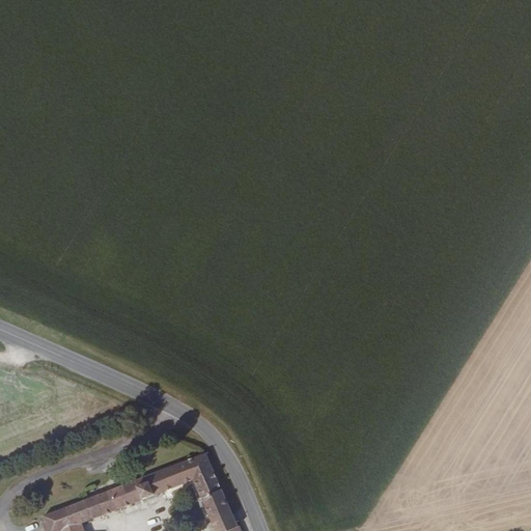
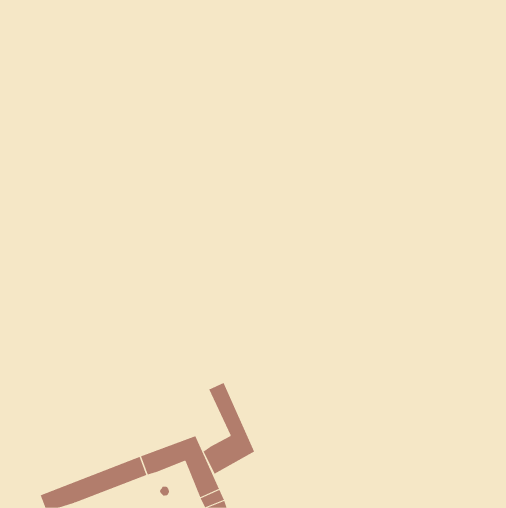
building: none -> [203,382,255,475]

